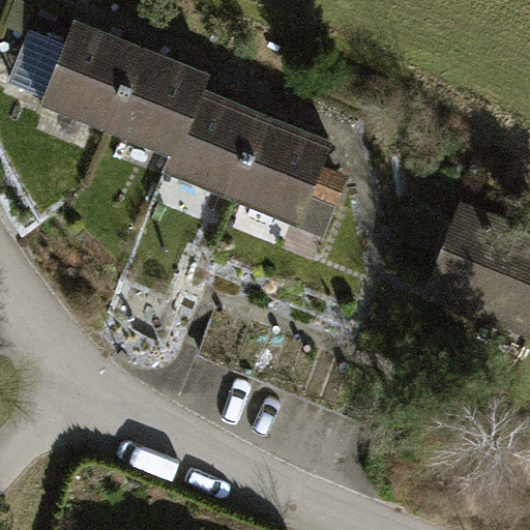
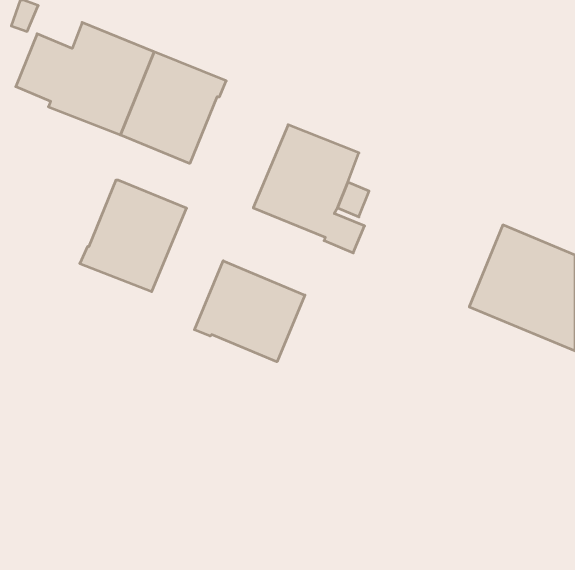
building: [167,93,265,196] -> [80,180,187,292]
building: none -> [194,261,305,362]

